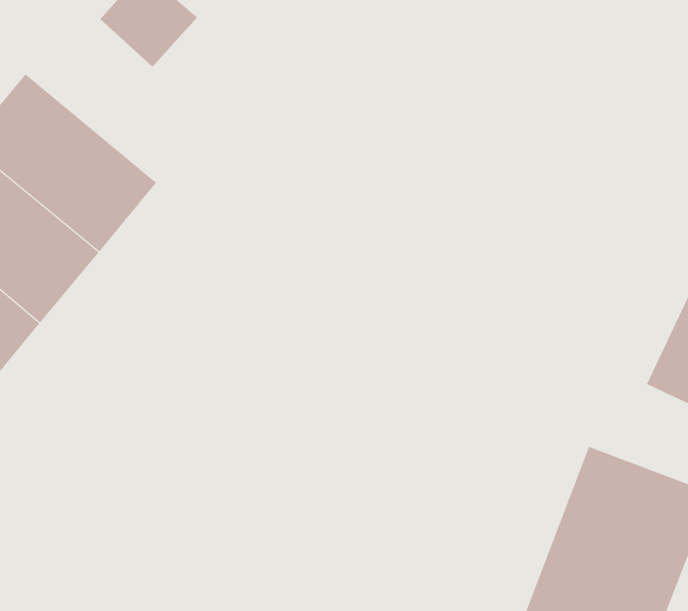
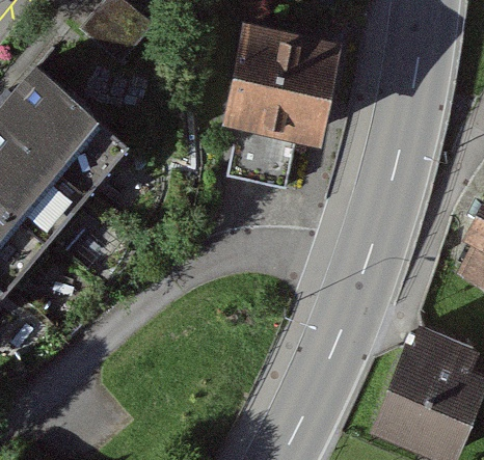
building: none -> [233,28,345,147]

